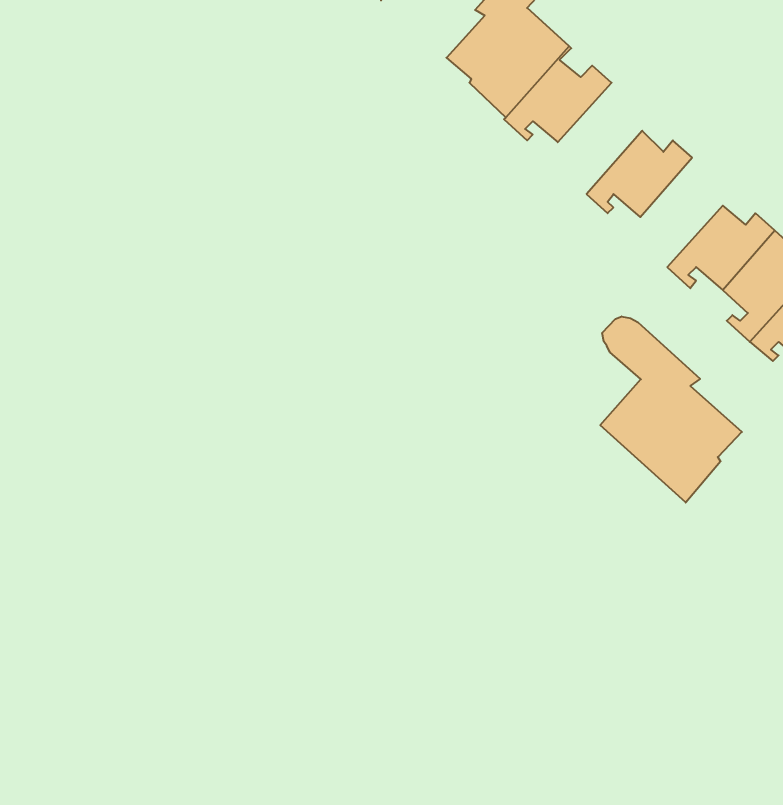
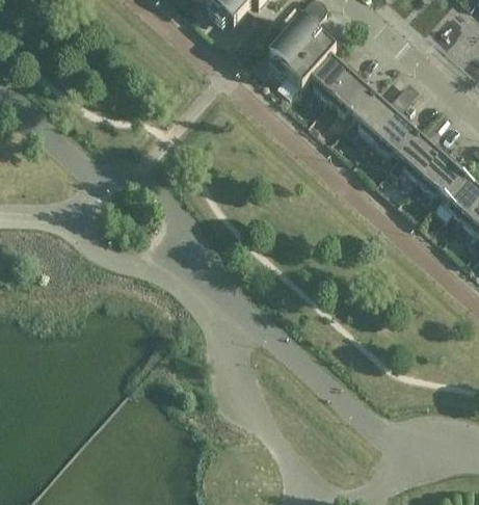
building: none -> [326,68,372,128]
building: none -> [371,108,416,167]
building: [600,316,742,503] -> none

